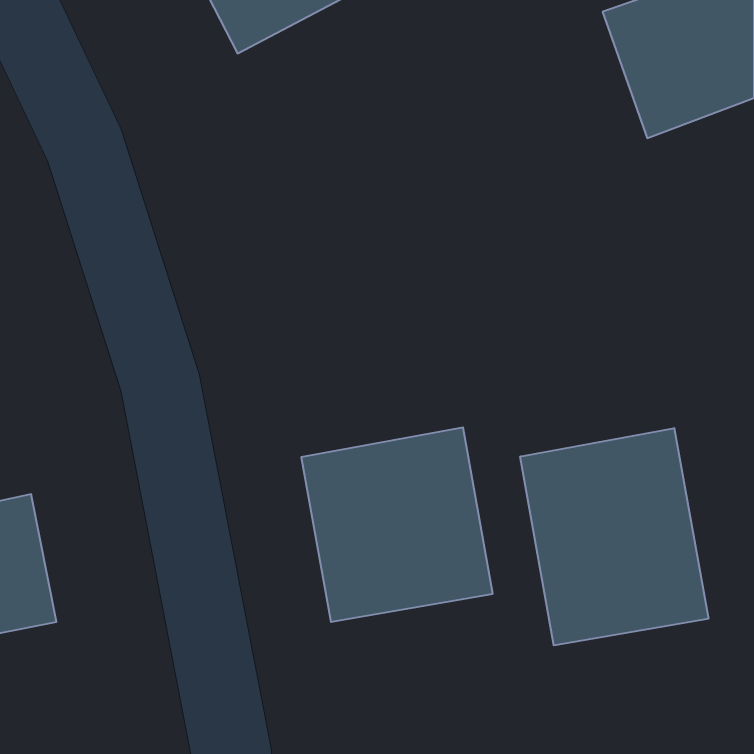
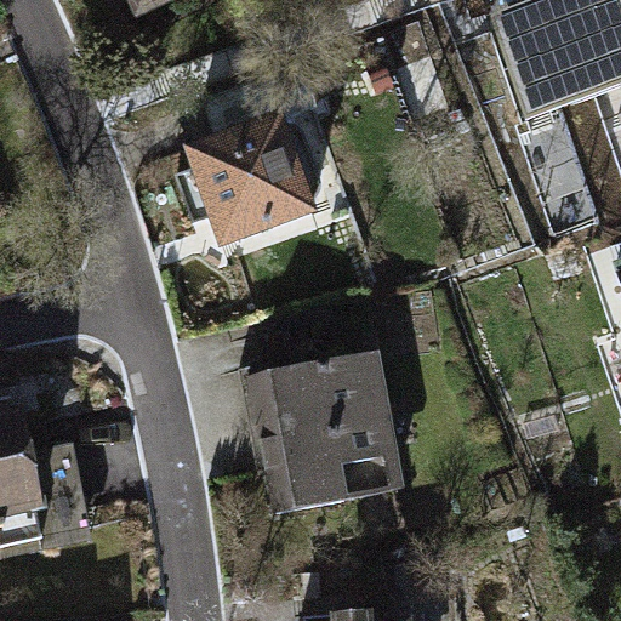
building: none -> [193,120,302,226]
building: [520,428,708,645] -> none

